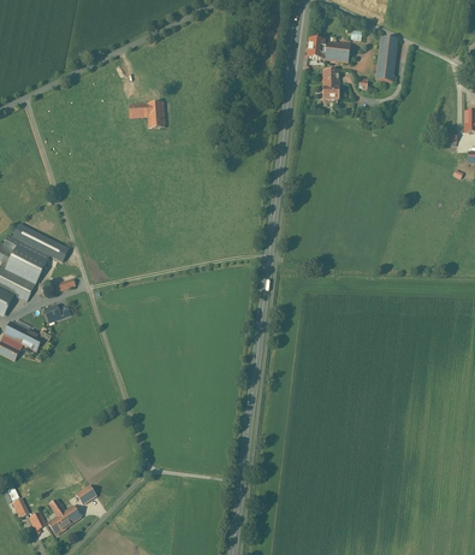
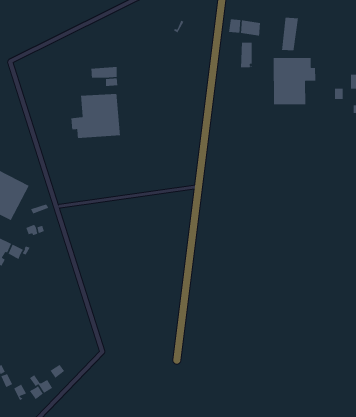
building: none -> [273,57,316,105]
building: none -> [70,93,121,139]

